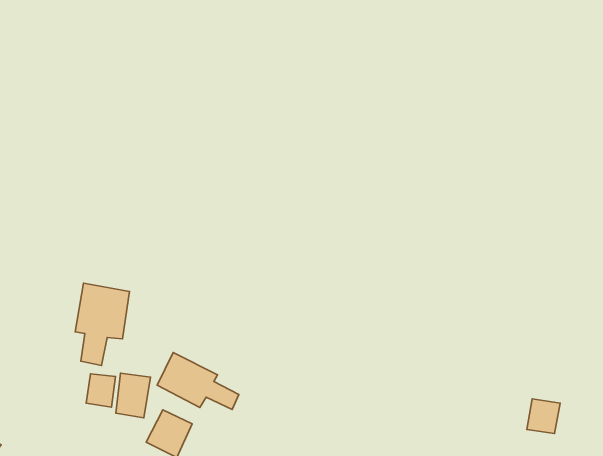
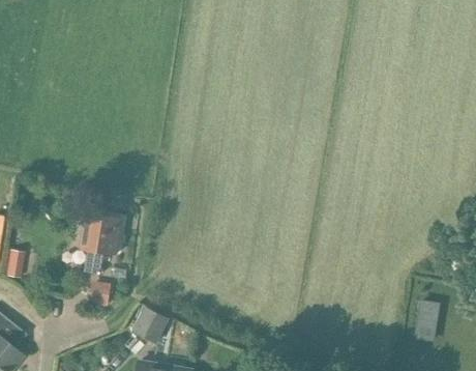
building: [157,352,239,409] -> none
building: [116,373,150,418] -> none

